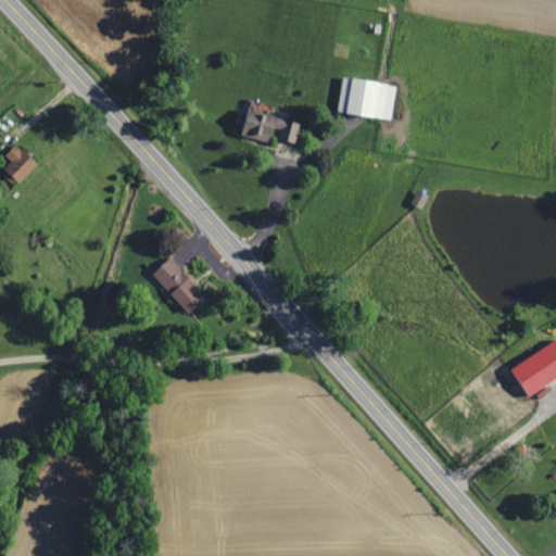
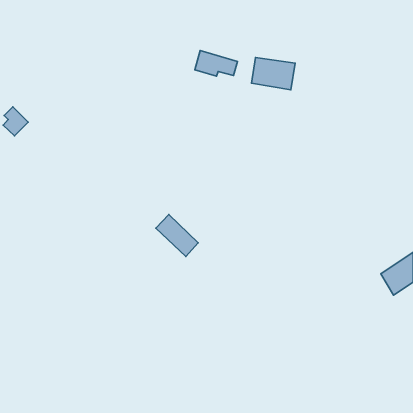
building: [243,110,301,144] -> [195,50,238,76]
building: [152,257,208,314] -> [156,215,198,257]

